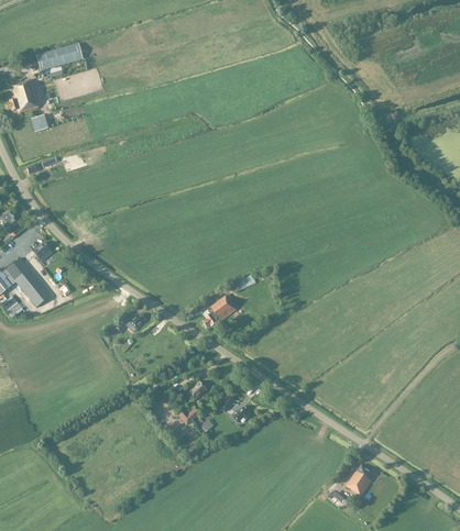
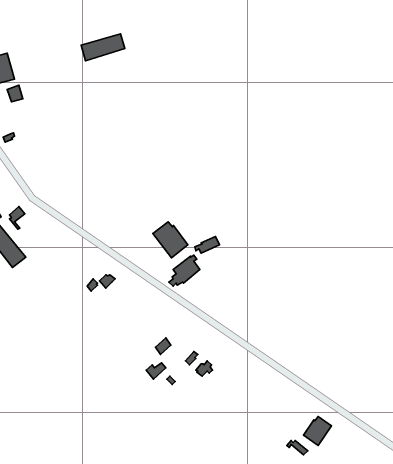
building: [35,43,81,71] -> [81,34,125,61]
building: none -> [153,222,188,258]

